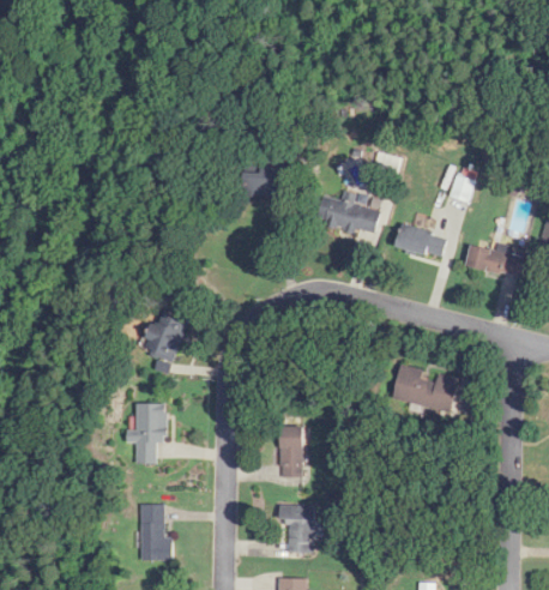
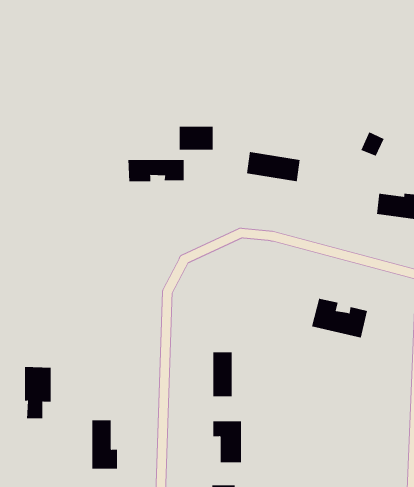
building: none -> [128,159,184,182]
building: [394,222,447,259] -> none
building: [140,308,191,360] -> none
building: [134,403,165,463] -> [24,366,51,419]

